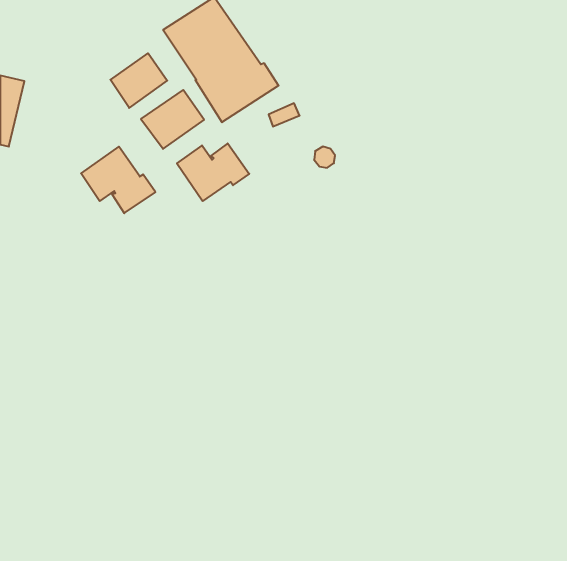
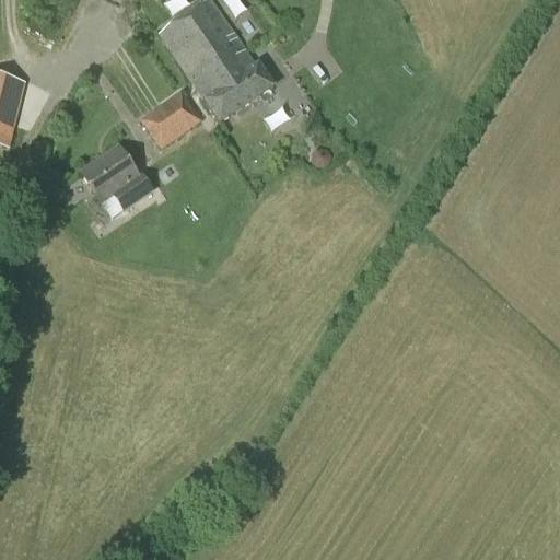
building: [110,53,167,108] -> none
building: [177,143,249,201] -> none

